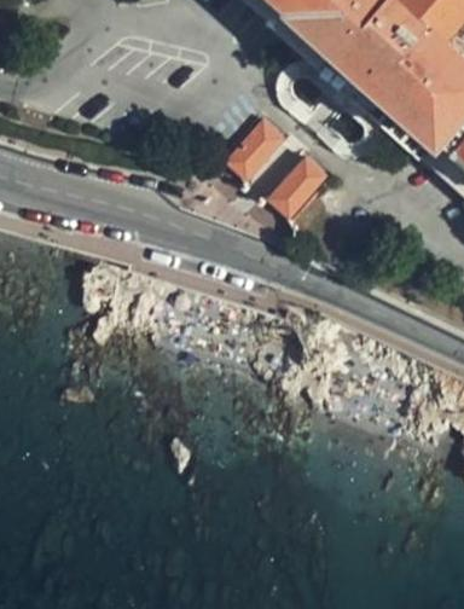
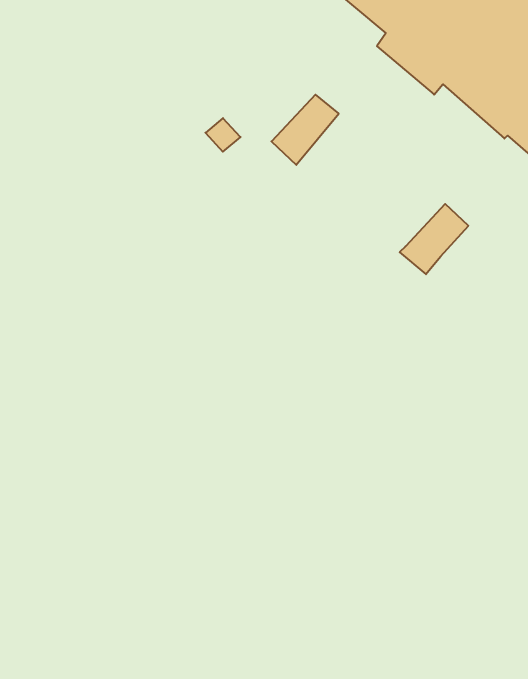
building: [277,151,334,209] -> [400,204,468,274]

